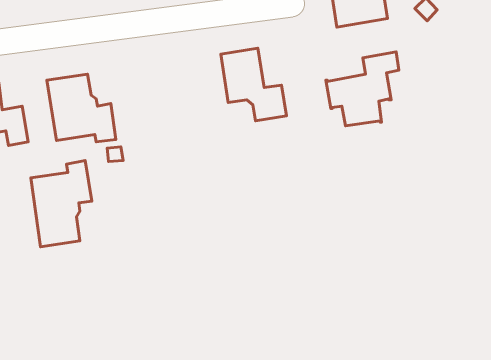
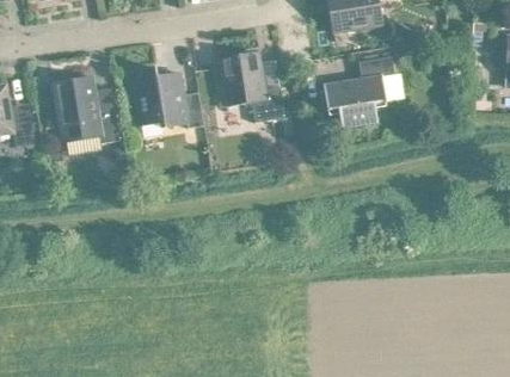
building: none -> [131,67,204,128]
building: [31,161,92,247] -> none

